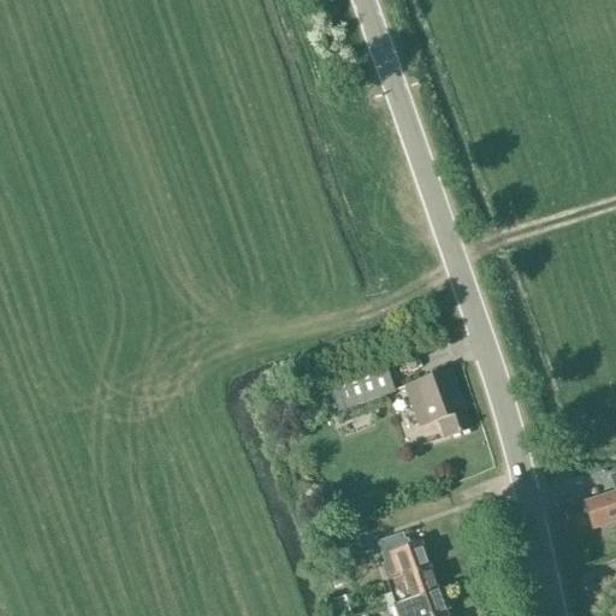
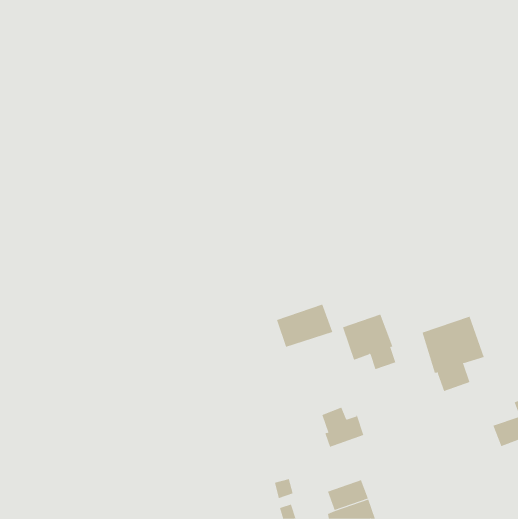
building: none -> [422,316,484,392]
building: [379,534,430,582] -> [321,407,364,447]

